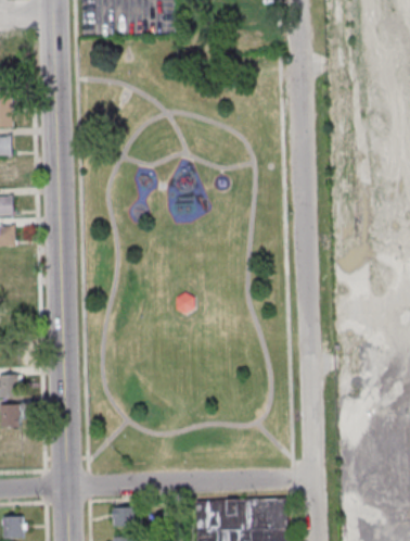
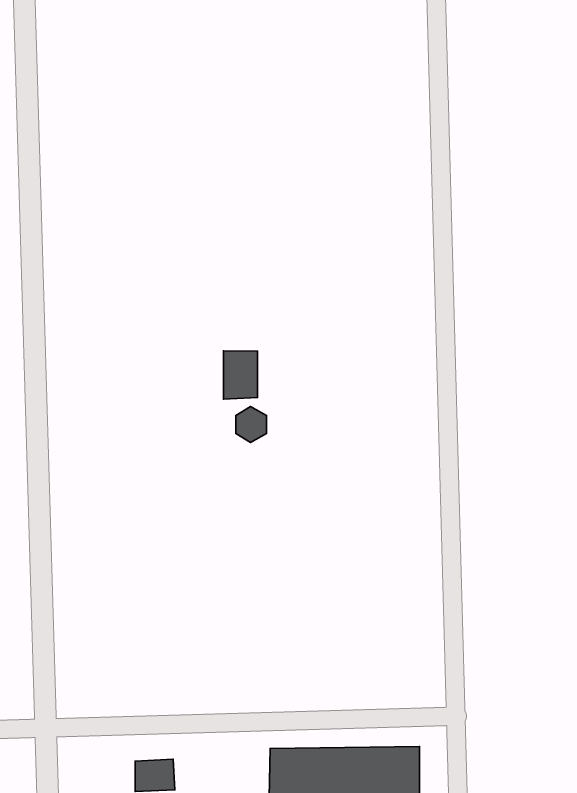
building: none -> [224,351,258,399]

